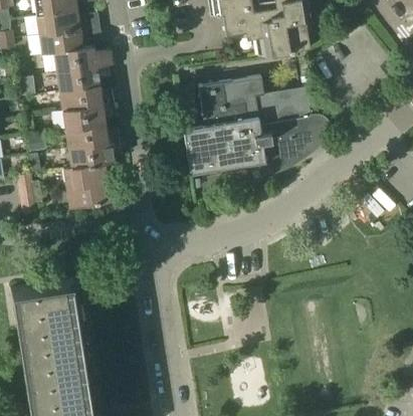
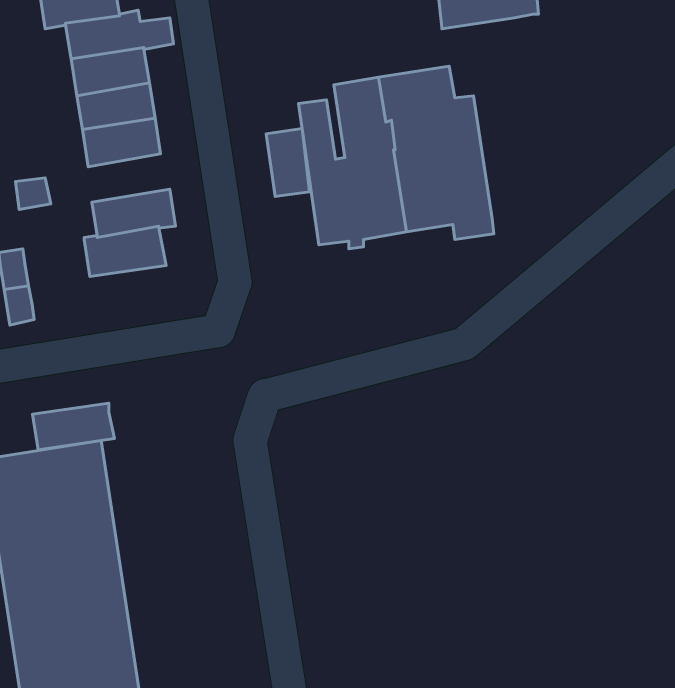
building: [273,87,329,159] -> none
building: none -> [266,129,309,197]
building: [65,124,110,150] -> none
building: [66,184,111,209] -> [33,403,115,450]

